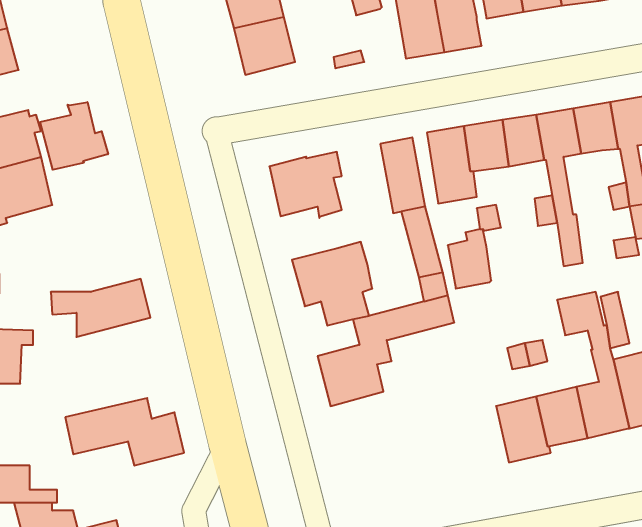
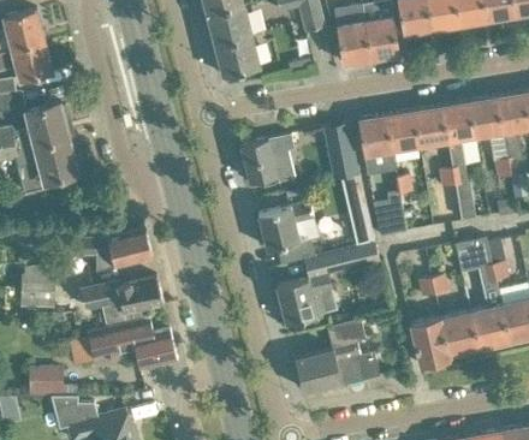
building: [40,102,108,170] -> none
building: none -> [82,277,164,326]
building: none -> [295,320,380,393]

